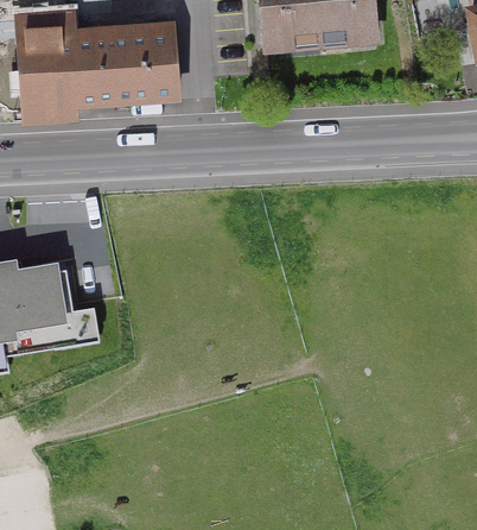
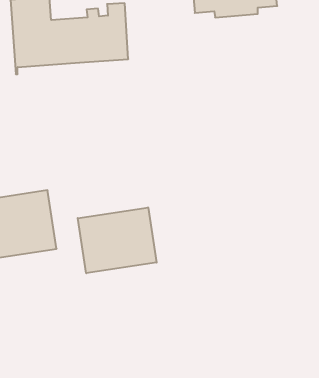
building: none -> [78,207,157,273]

